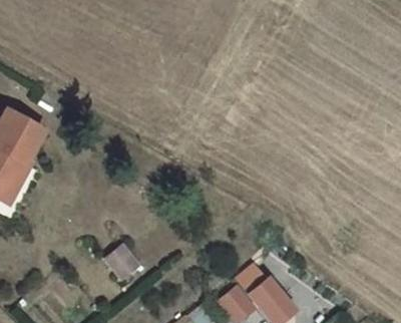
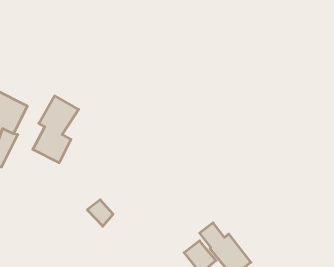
building: none -> [33,96,79,163]

